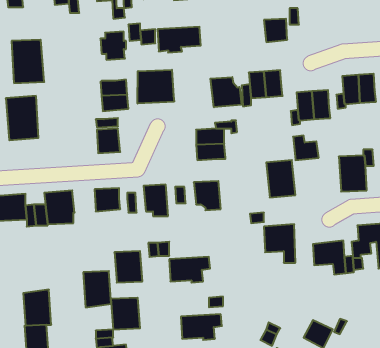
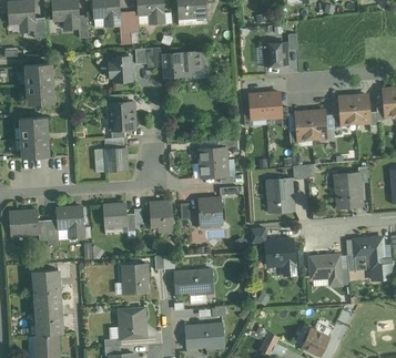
building: [138,70,174,104] -> none
building: [210,77,241,107] -> none
building: [83,271,111,307] -> [32,269,59,304]

